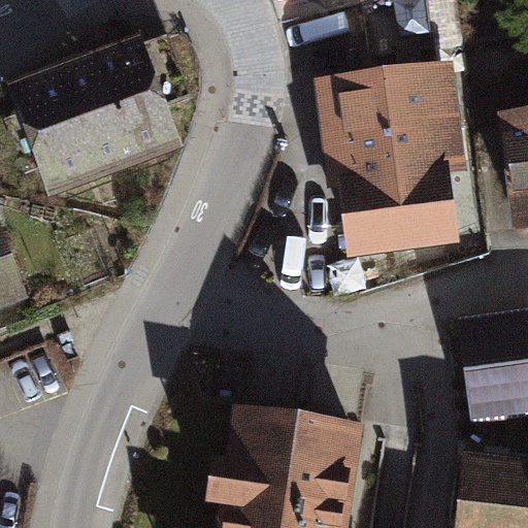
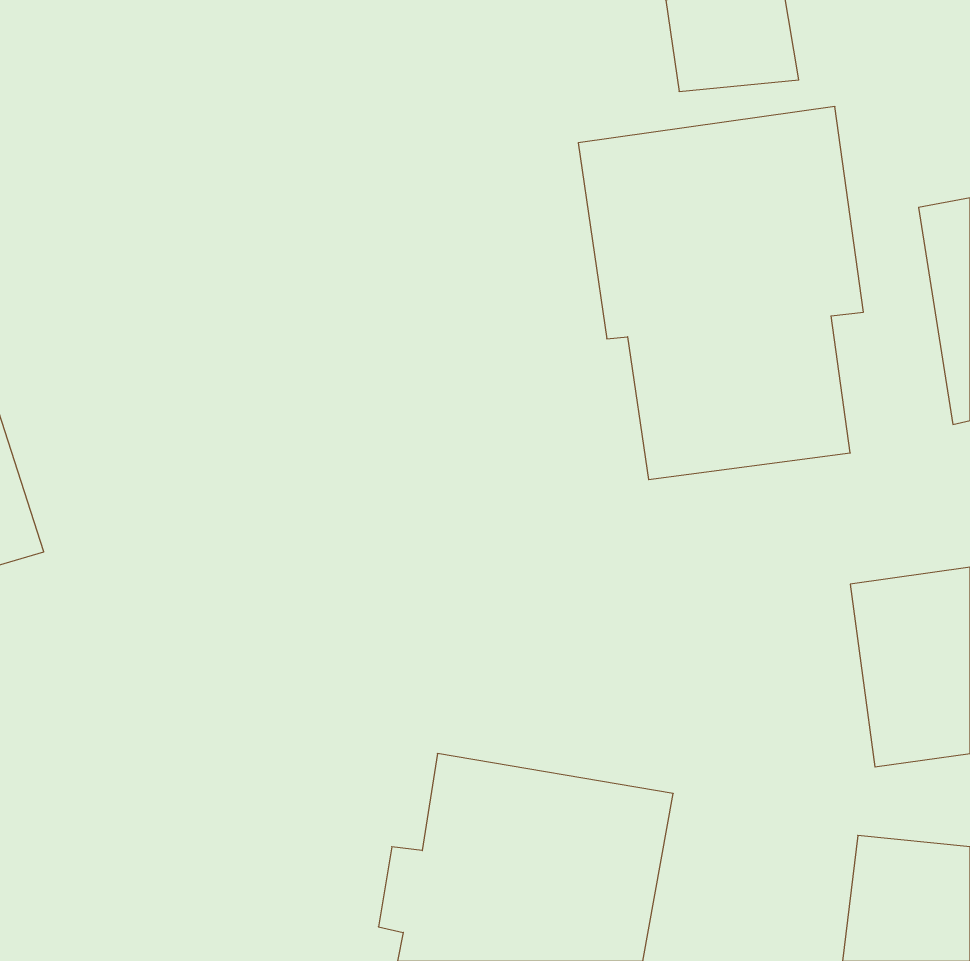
building: [7,34,193,192] -> none

